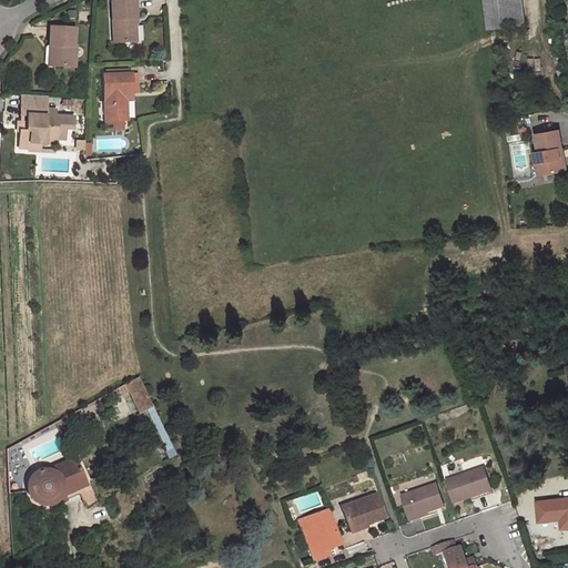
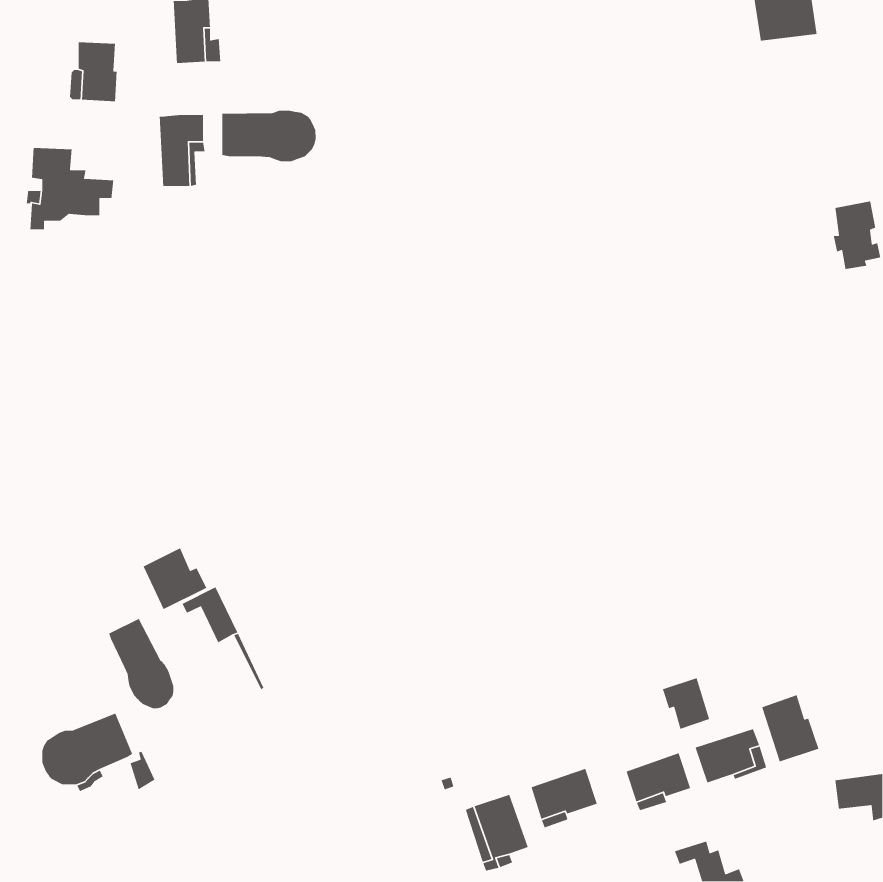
building: none -> [222,110,316,162]
building: none -> [143,547,207,610]
building: none -> [108,618,174,709]
building: none -> [662,677,710,730]
building: none -> [761,694,819,763]

